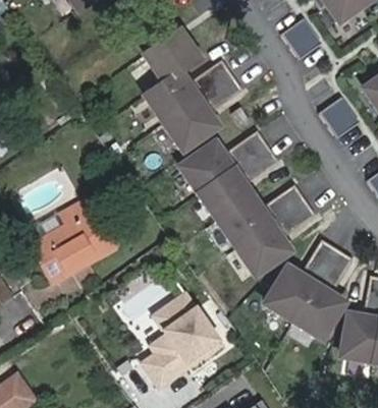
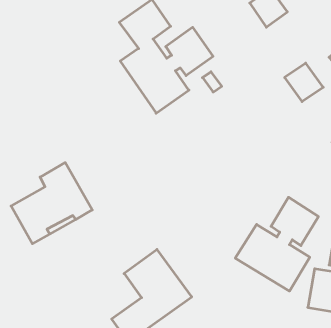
building: [180,128,316,272] -> none

